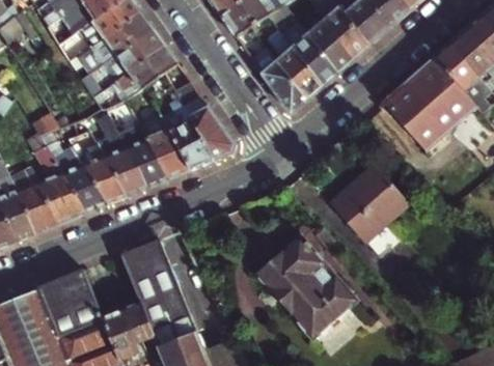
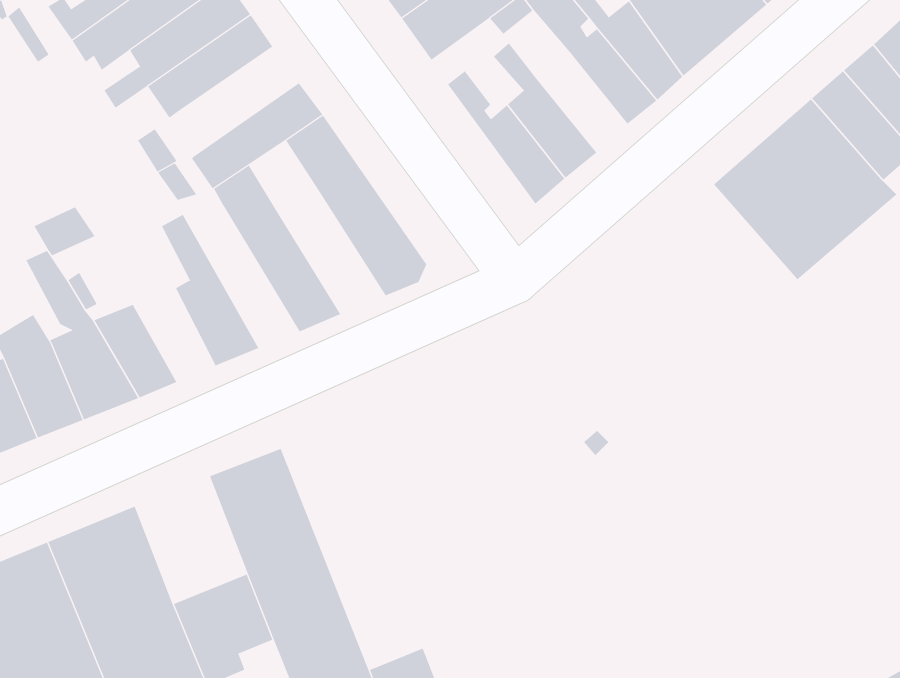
building: [105,30,168,87] -> none
building: [292,33,338,85] -> none
building: [157,103,213,169] -> none
building: [108,113,168,187] -> none
building: [68,130,125,204] -> none
building: [331,165,409,259] -> none
building: [253,235,356,340] -> none

